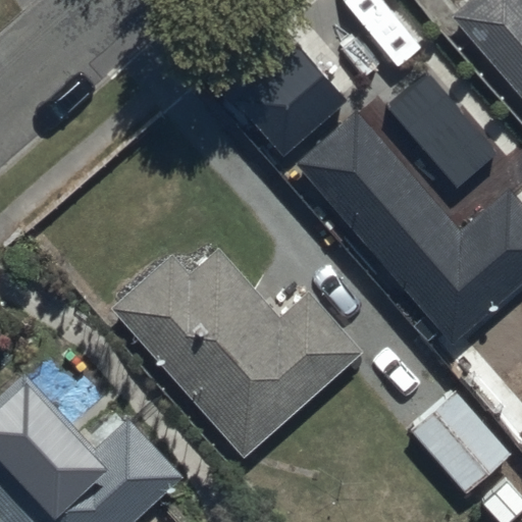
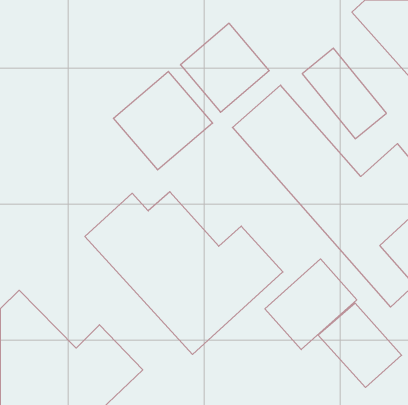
building: none -> [113,71,213,170]
building: none -> [265,259,357,350]

